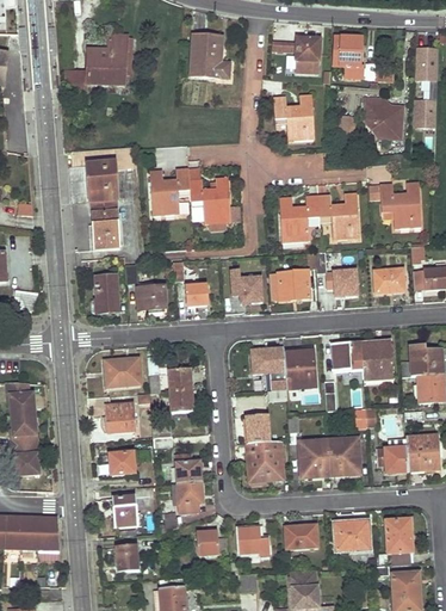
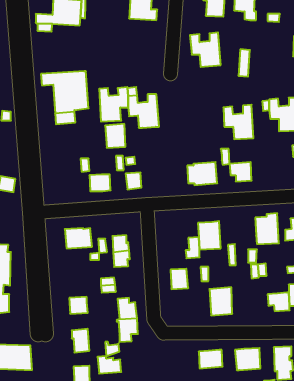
building: [364,97,403,140] -> none
building: [280,196,320,242] -> none
building: [92,216,119,248] -> [105,124,125,148]
building: [373,267,405,294] -> none
building: [231,270,262,302] -> none
building: [94,274,119,313] -> none
building: [332,341,363,370] -> none
building: [252,347,285,374] -> none
building: [105,396,135,432] -> none
building: [329,438,360,475] -> none
building: [247,439,284,481] -> none
building: [239,529,268,555] -> none
building: [196,531,228,555] -> [97,356,121,374]

